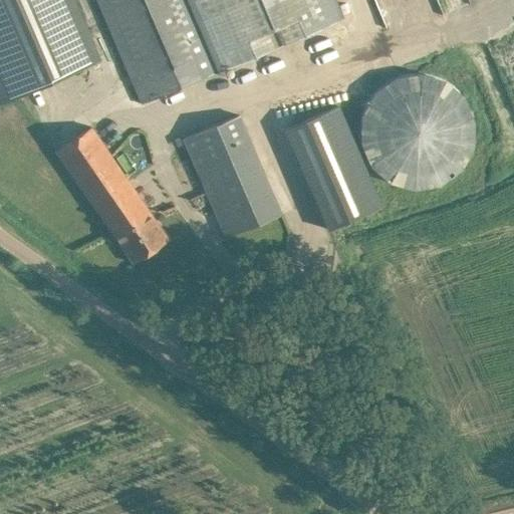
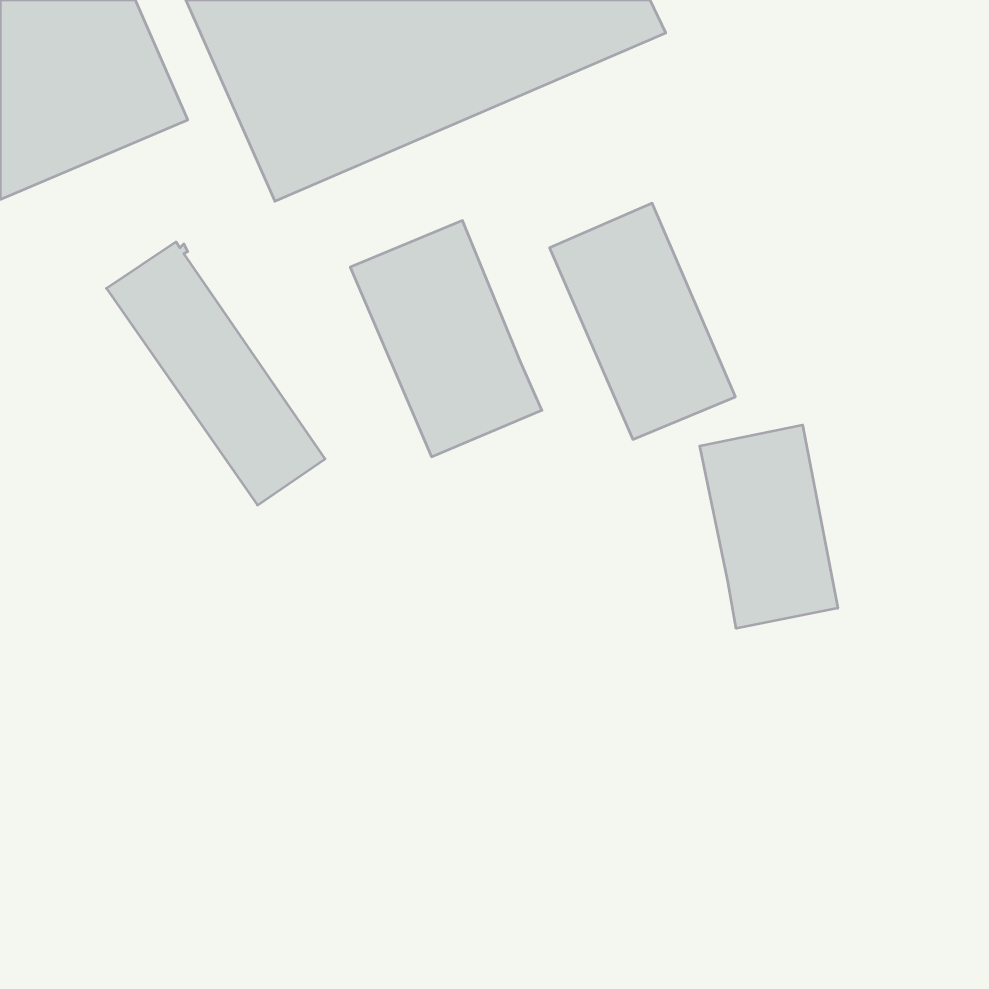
building: [360,73,474,190] -> none
building: none -> [700,425,838,628]

